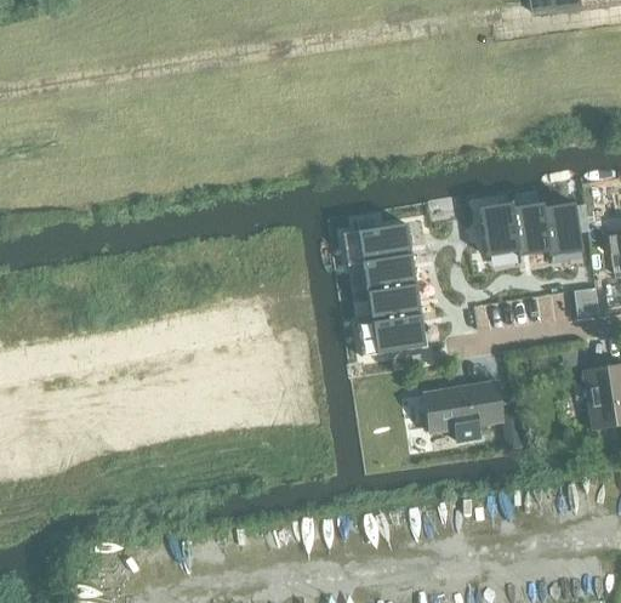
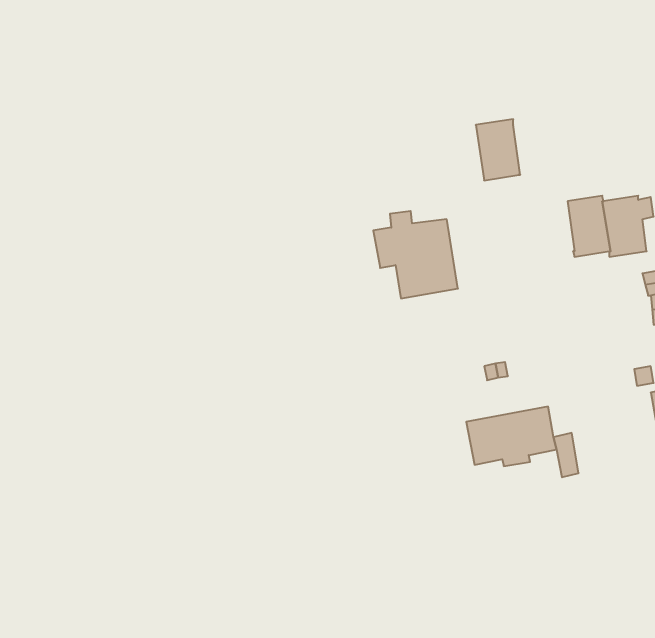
building: [479,201,518,255] -> [476,119,520,180]
building: [357,283,426,355] -> none

